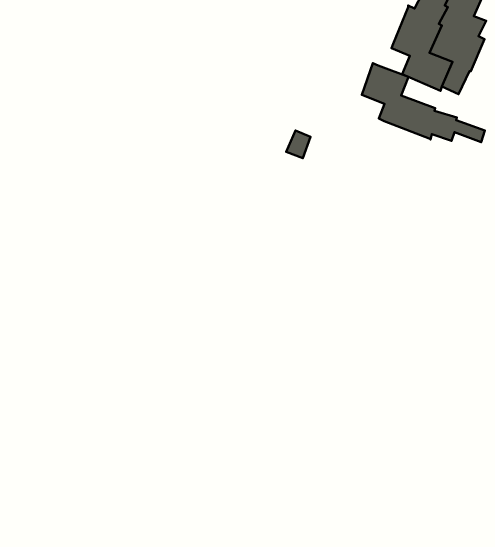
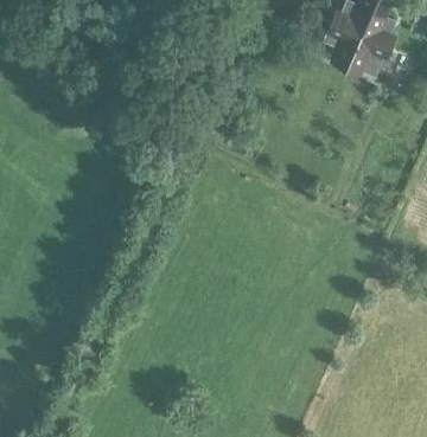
building: [362,63,485,142] -> none

